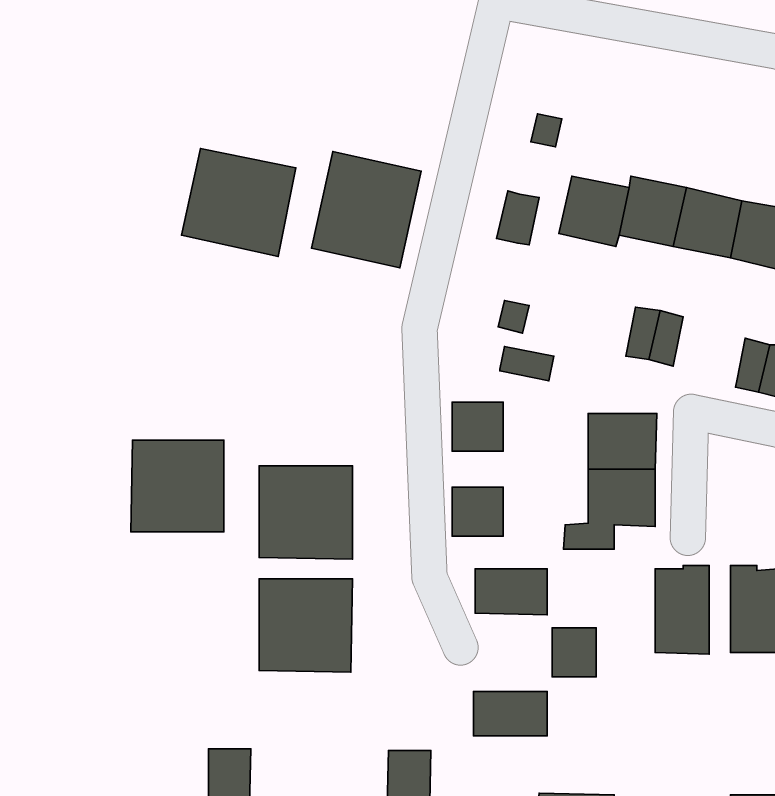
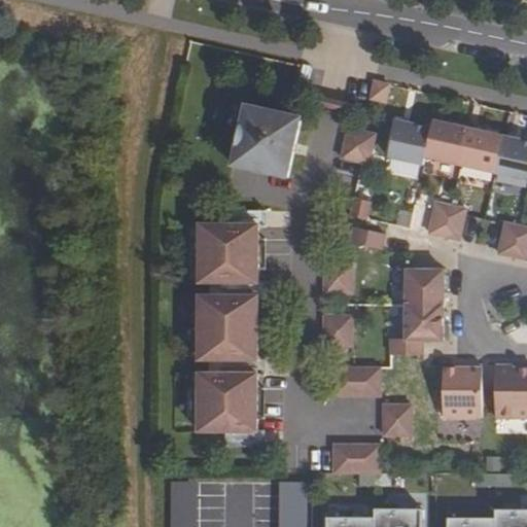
building: [181,149,296,256] -> none
building: [131,440,224,532] -> [198,231,256,288]

